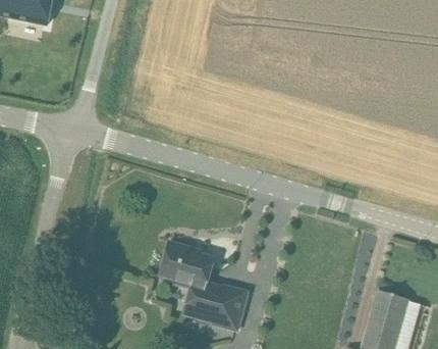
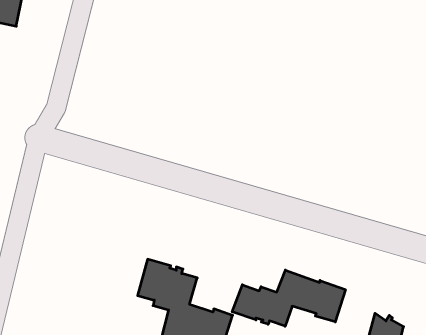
building: none -> [232,270,345,326]

